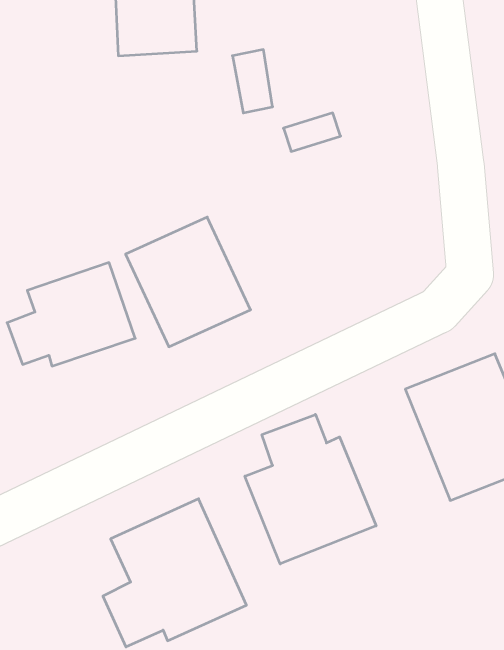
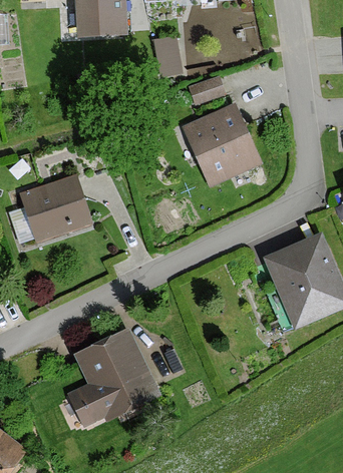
building: [126,217,251,347] -> [180,102,261,186]
building: [245,414,376,564] -> none

